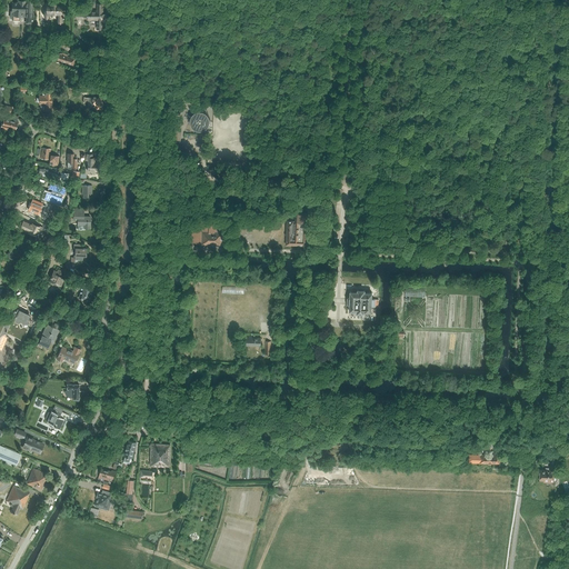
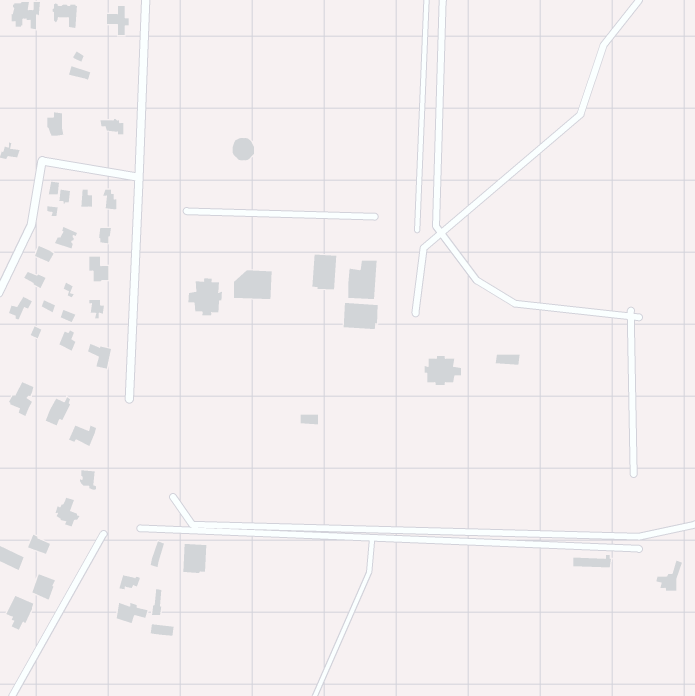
building: none -> [312,254,337,290]
building: none -> [188,278,223,316]
building: none -> [343,302,378,330]

